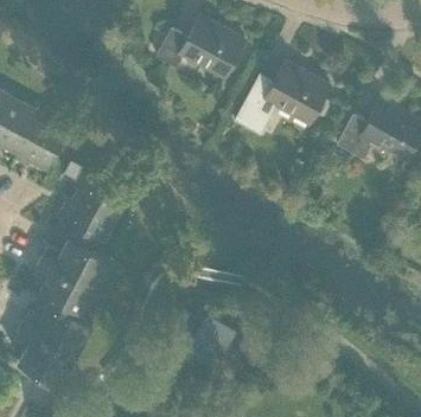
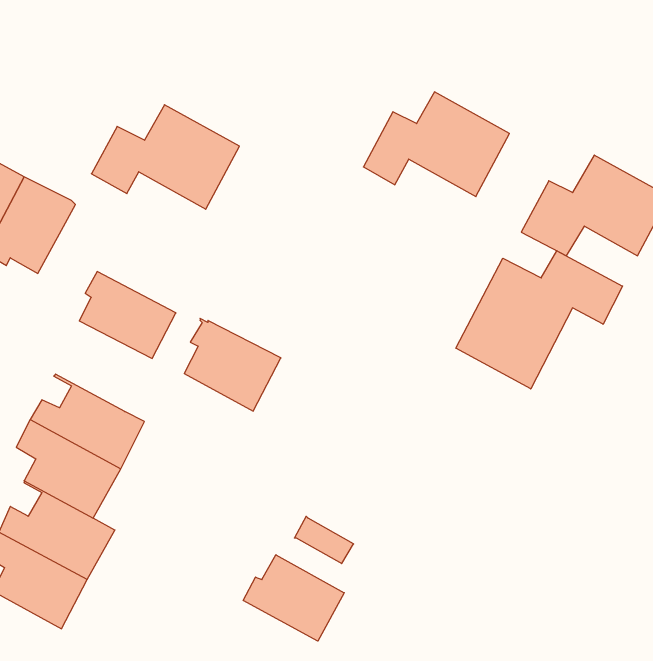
building: [157,18,245,81] -> [91,105,239,209]
building: none -> [456,251,623,389]
building: [58,200,116,256] -> [184,318,281,411]
building: none -> [243,555,344,641]

